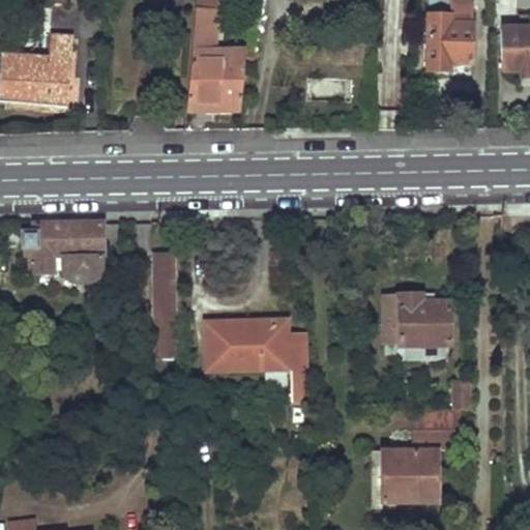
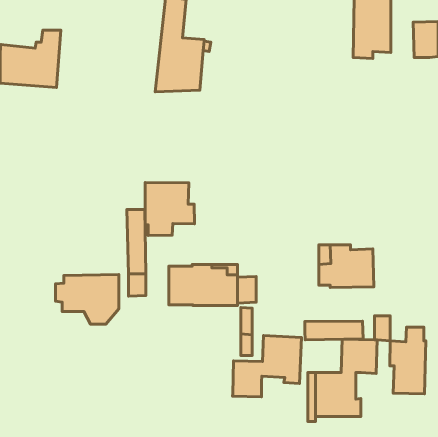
building: none -> [145,183,195,235]
building: [24,223,100,283] -> [55,275,119,324]
building: none -> [305,321,363,340]
building: none -> [390,327,426,394]
building: none -> [233,336,301,397]

